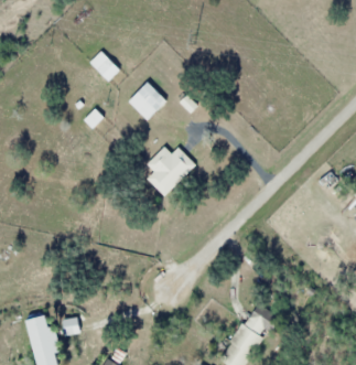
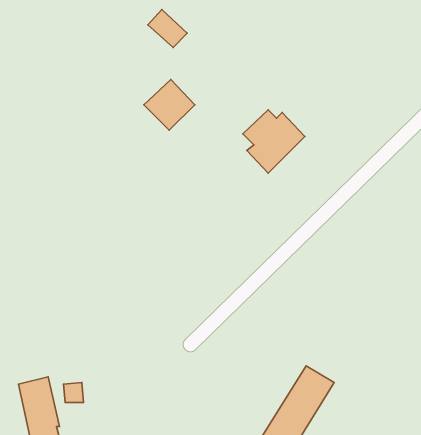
building: [89,51,120,80] -> [148,9,187,47]
building: [144,146,193,195] -> [243,110,305,173]

